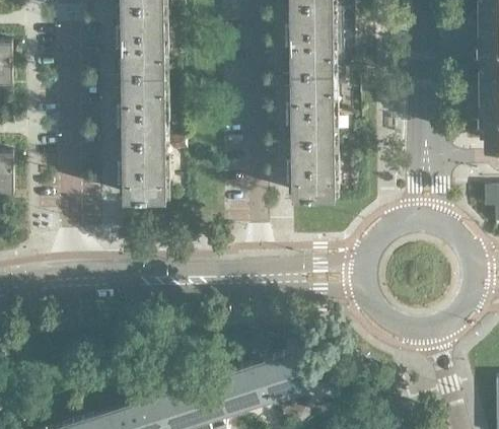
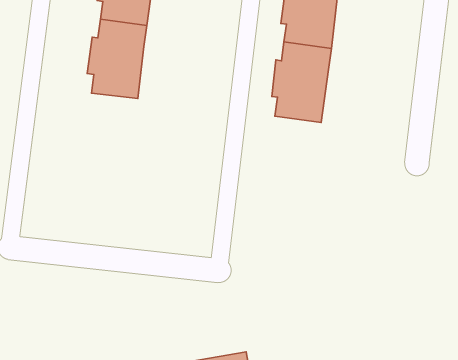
building: [287,138,336,196] -> none
building: [119,139,167,198] -> none

